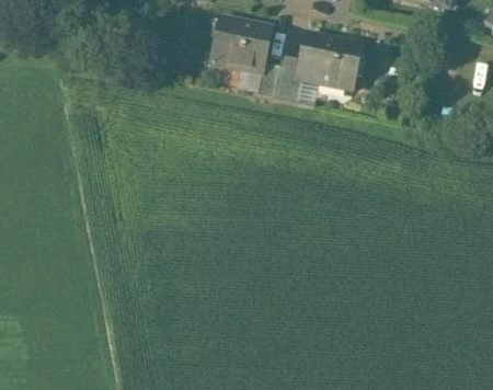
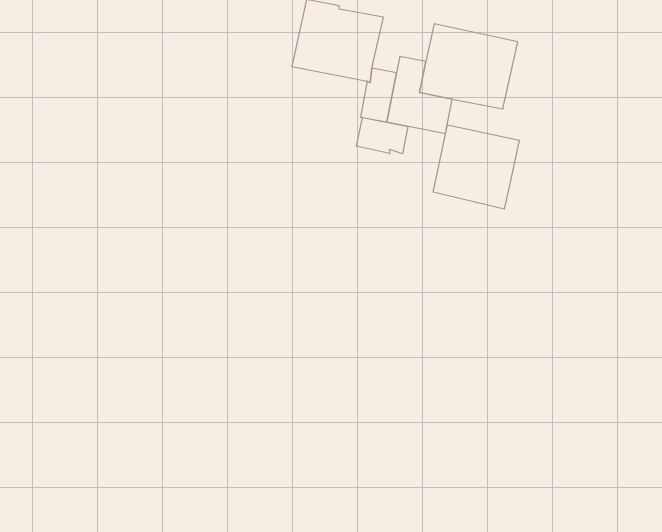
building: none -> [356,117,408,154]
building: none -> [433,125,519,209]

